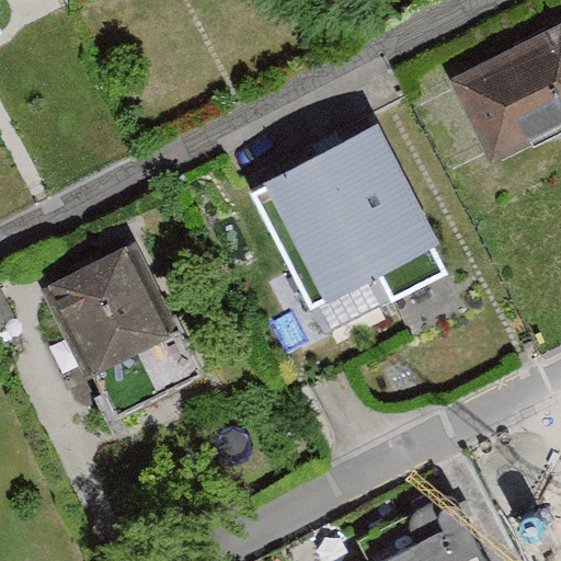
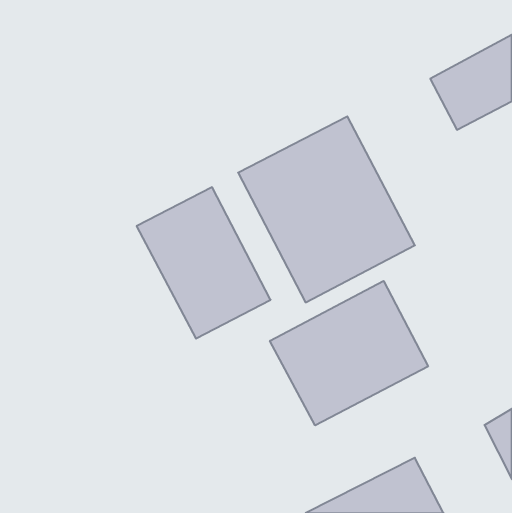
building: [54,247,197,409] -> [137,187,271,339]
building: none -> [270,281,428,425]

